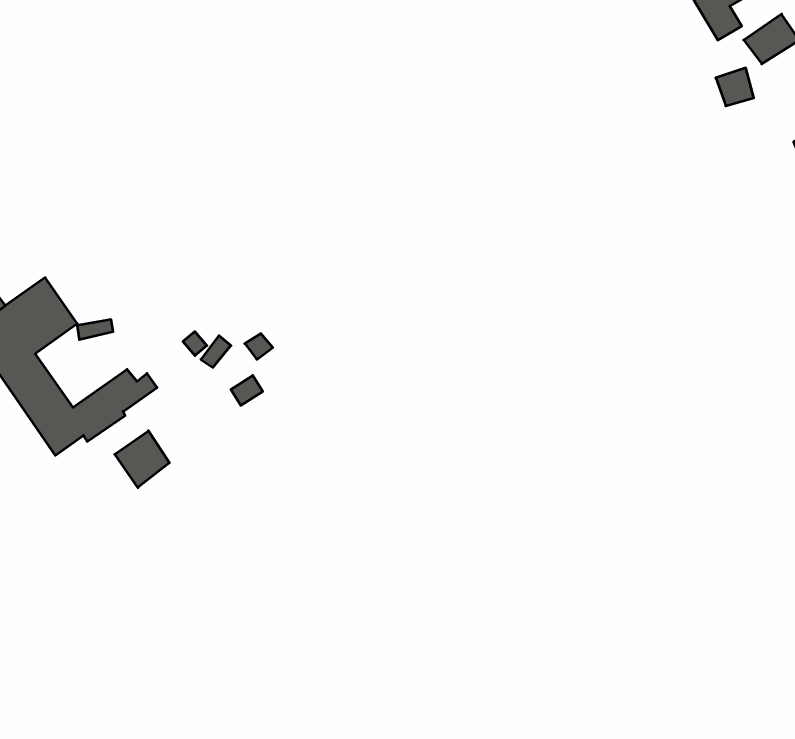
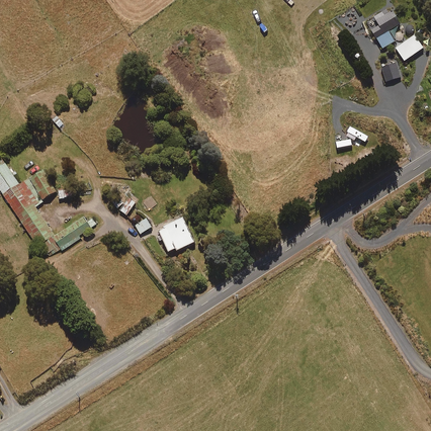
building: none -> [157,217,194,253]
building: [115,431,169,488] -> none

